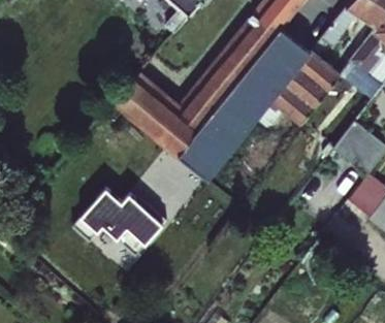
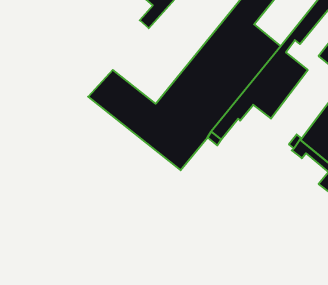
building: [72,188,167,255] -> none

